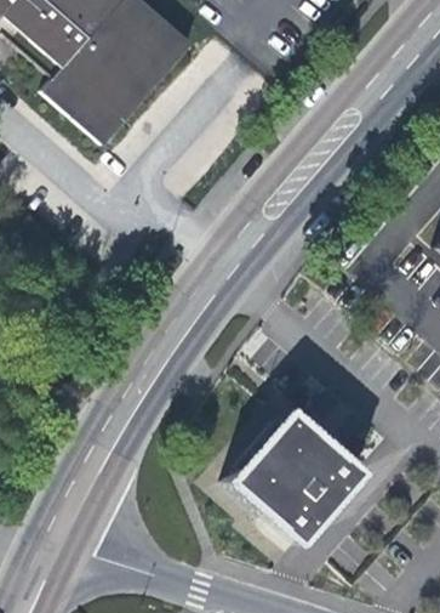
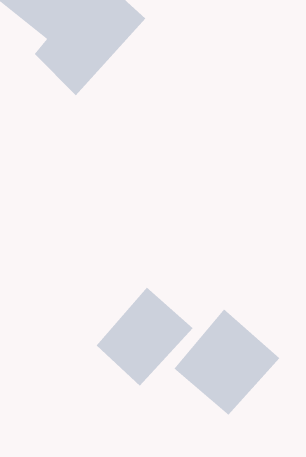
building: none -> [96,287,193,386]

